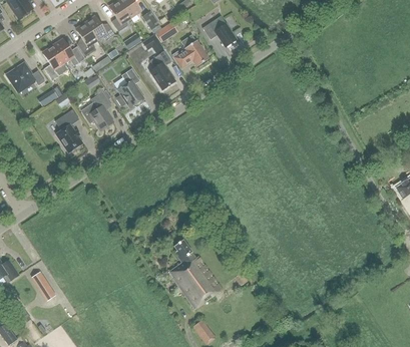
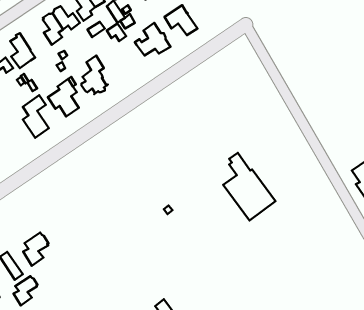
building: [52,38,85,65] -> none
building: [149,50,175,89] -> none
building: [167,239,222,309] -> [223,153,275,221]
building: none -> [23,233,49,266]
building: none -> [14,276,38,305]

